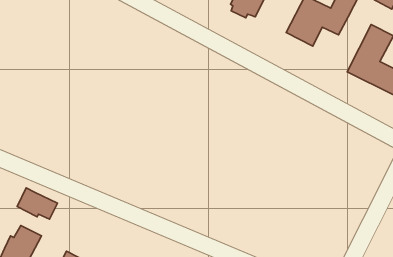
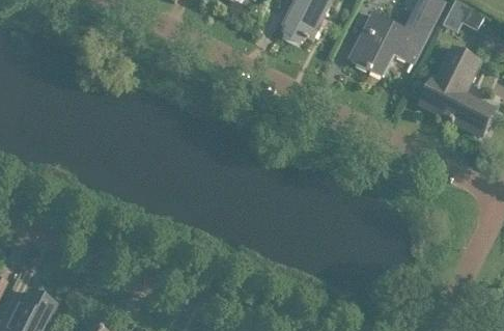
building: [17,188,57,219] -> none

